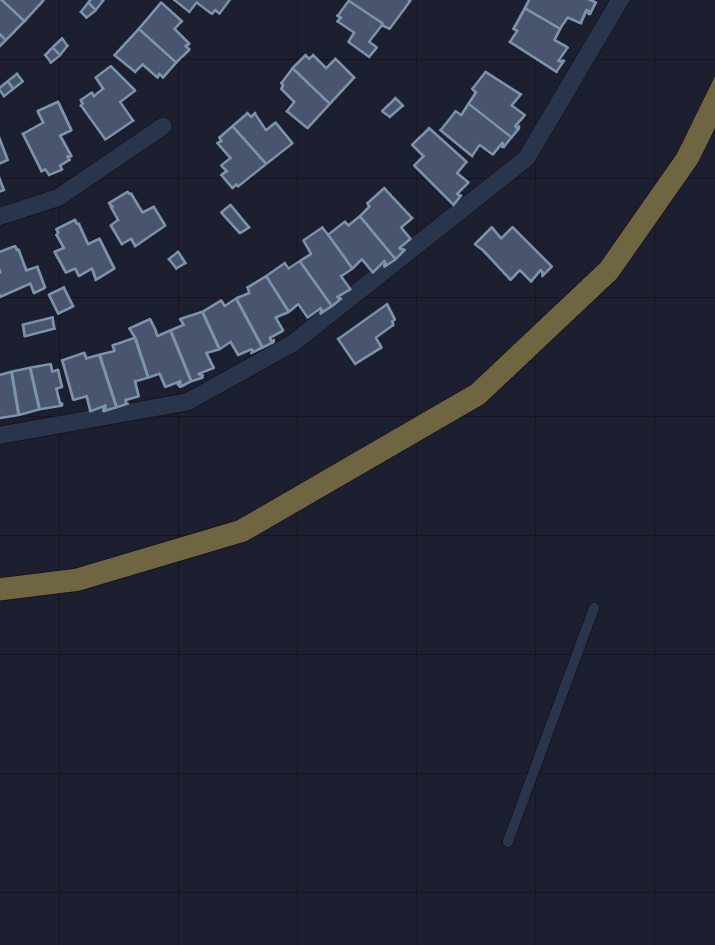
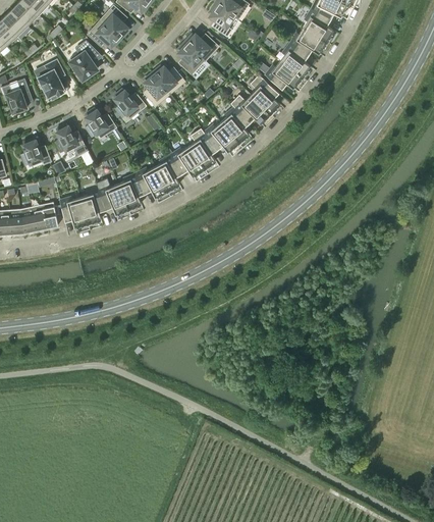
building: none -> [289,27,328,55]
building: none -> [113,89,146,121]
building: [475,227,552,282] -> [230,94,272,123]
building: [338,304,395,364] -> none

